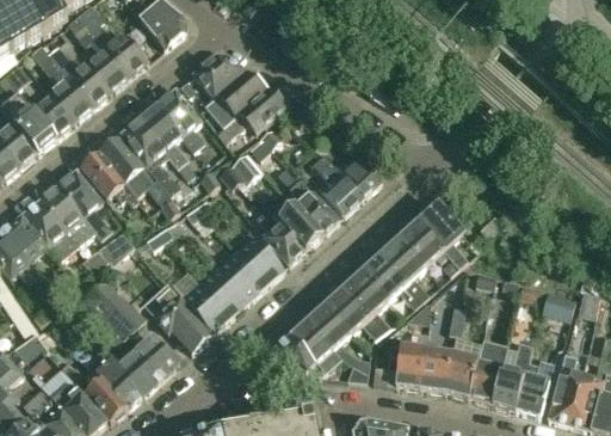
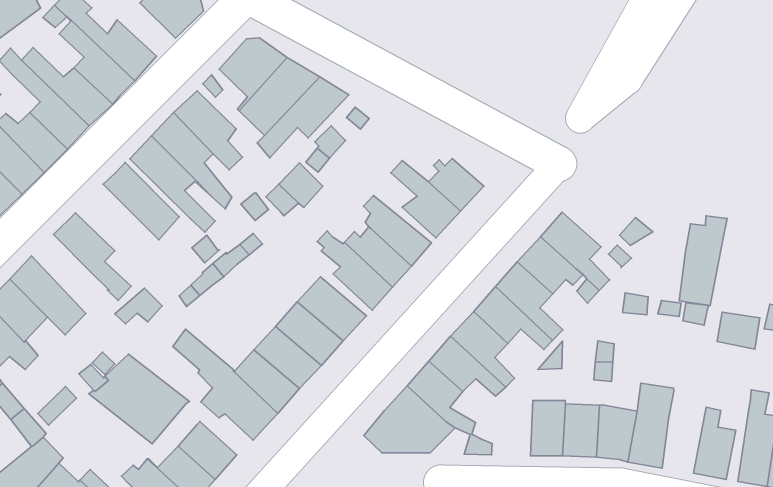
building: [80,151,137,203] -> none
building: [41,184,95,245] -> none
building: [492,342,533,409] -> [679,216,727,306]

